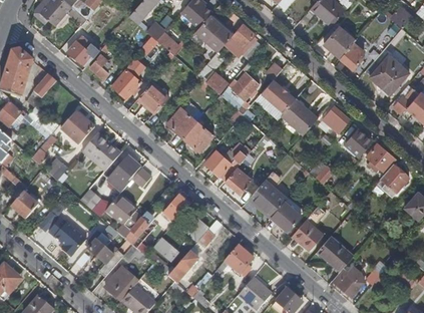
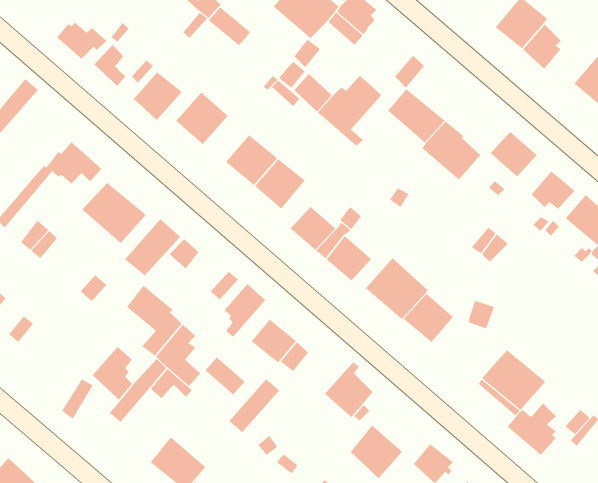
building: [47,217,87,255] -> none
building: [292,219,323,250] -> none
building: [104,267,137,301] -> none

